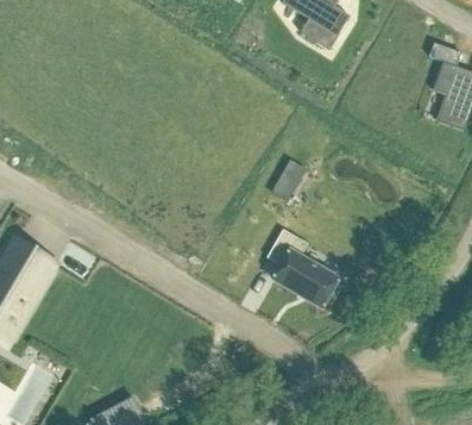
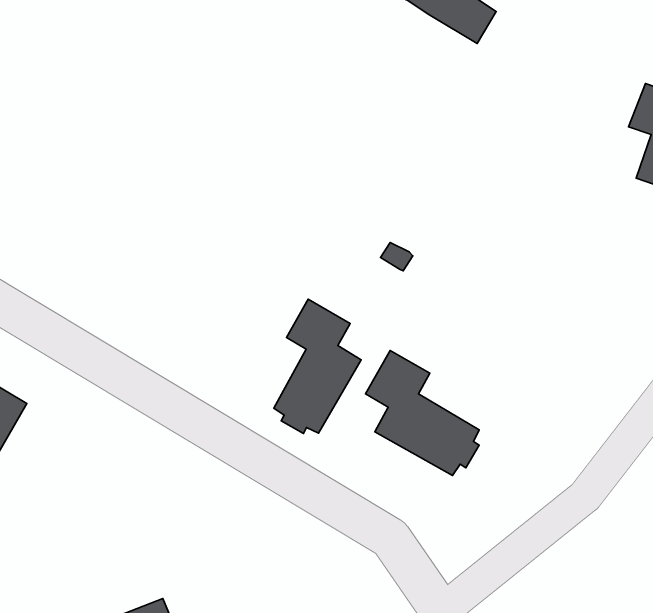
building: none -> [274,299,361,433]

